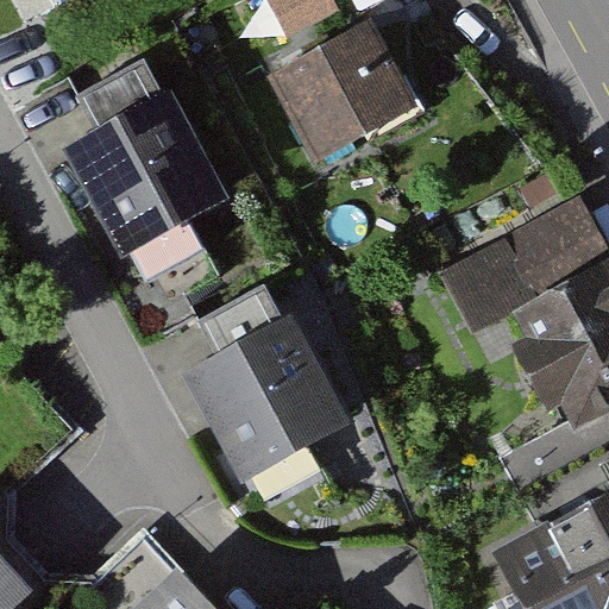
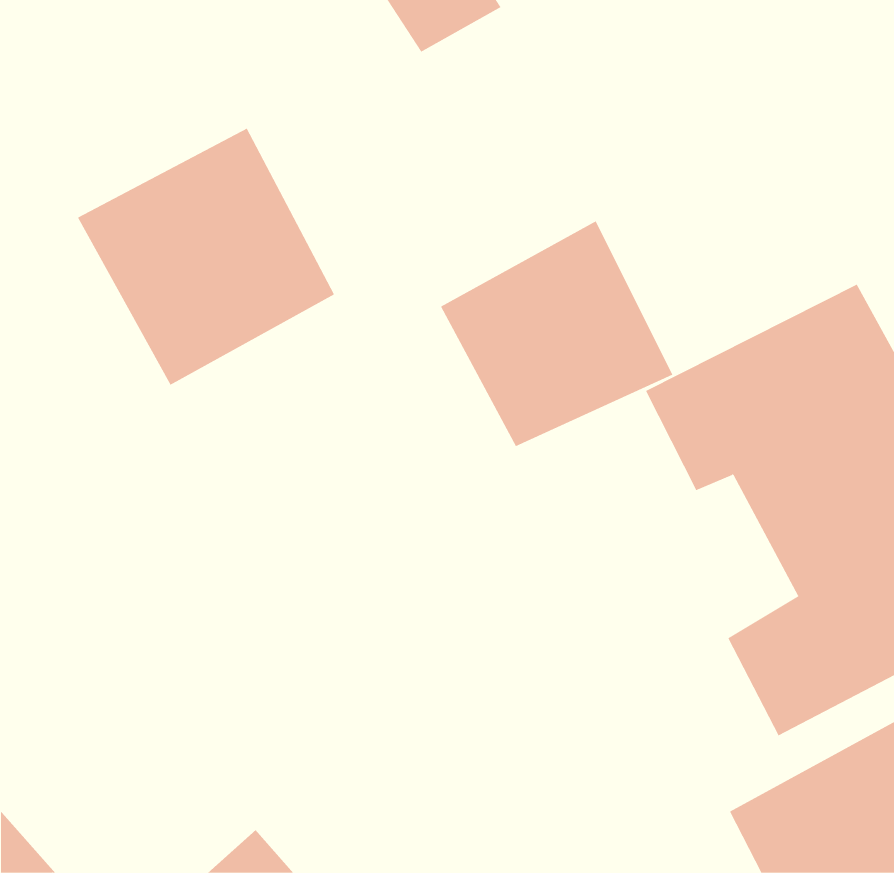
building: [270,15,428,169] -> [440,221,673,447]
building: [177,309,352,486] -> none

